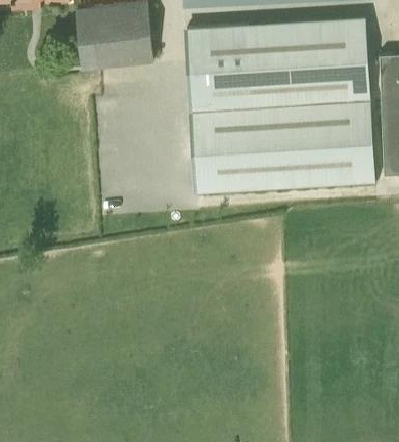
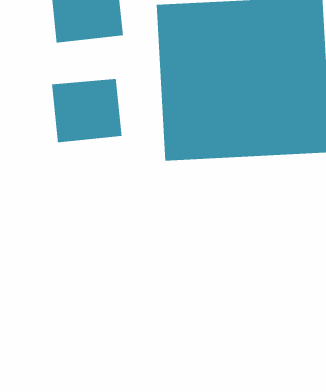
building: none -> [52,78,122,143]

